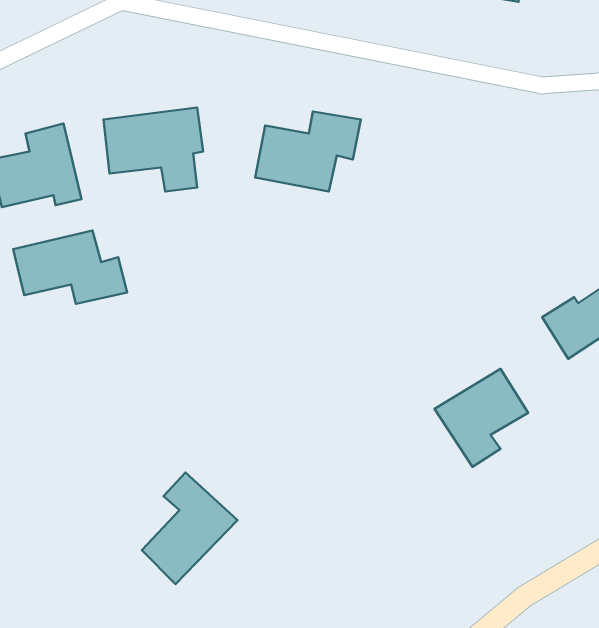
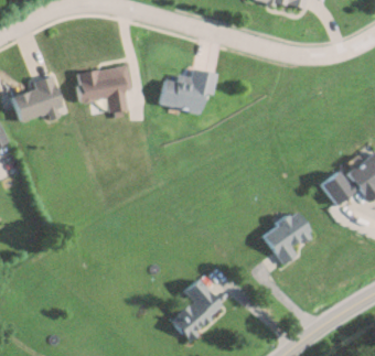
building: [13,231,127,304] -> none
building: [142,472,237,584] -> [169,279,222,341]

